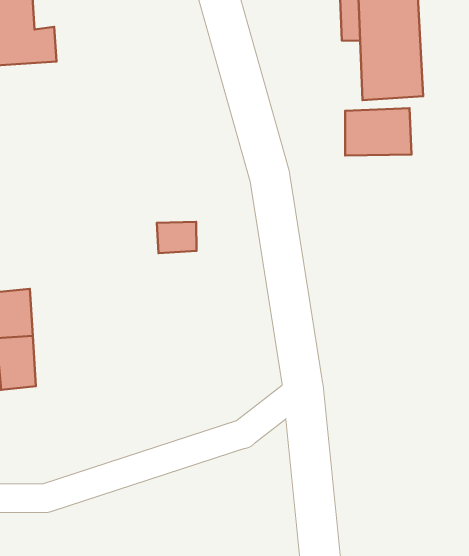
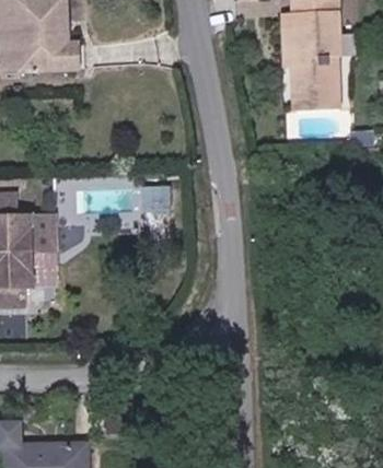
building: [345,108,411,155] -> none

